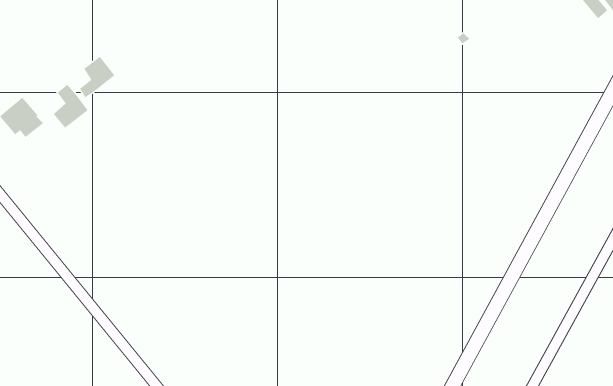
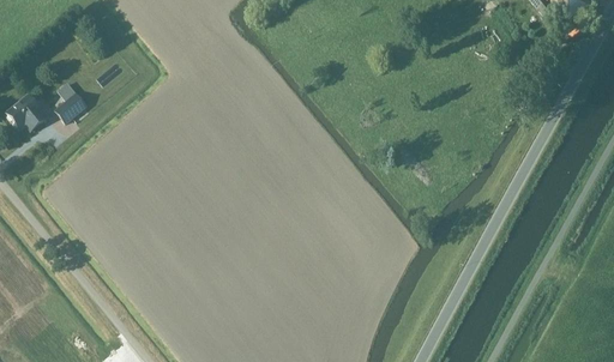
building: [79,56,115,98] -> none

